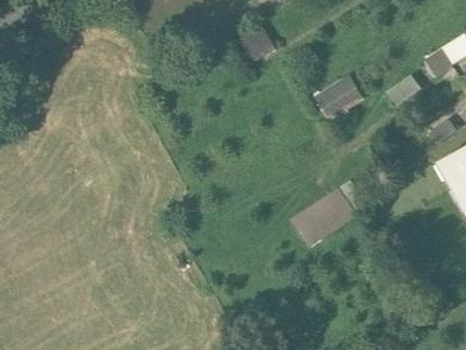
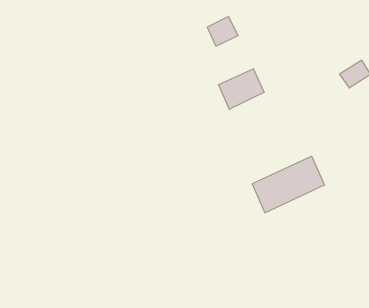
building: [314,71,365,116] -> [218,69,264,109]

